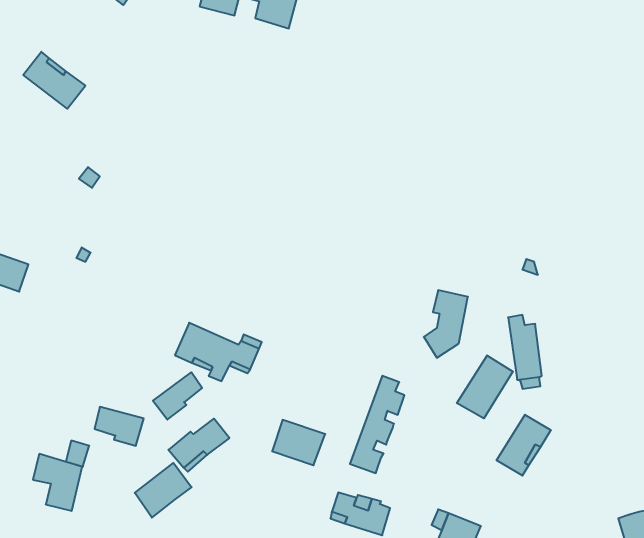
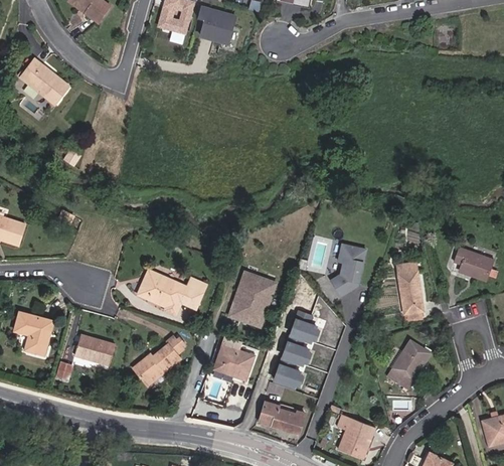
building: none -> [453,248,494,282]
building: none -> [230,272,277,326]
building: [457,355,513,418] -> none
building: [153,372,202,420] -> none
building: [33,454,82,511] -> [14,311,52,355]
building: [135,463,192,518] -> none

